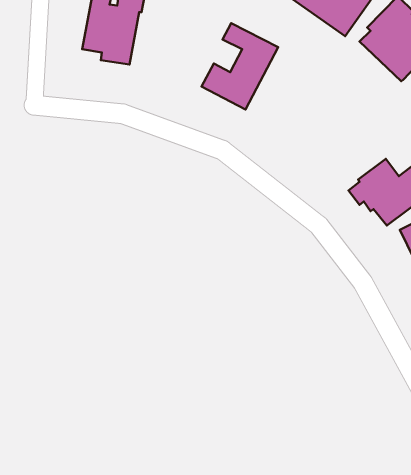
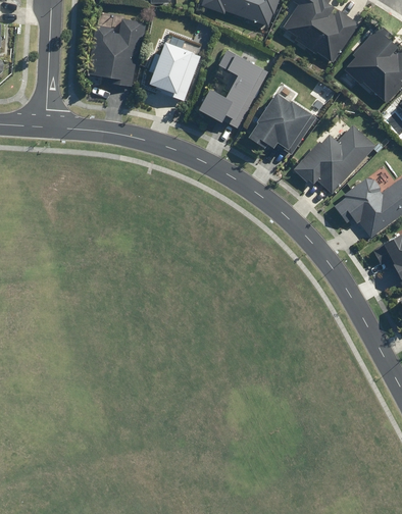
building: none -> [148,41,200,99]
building: none -> [246,90,316,153]
building: none -> [296,125,374,193]

